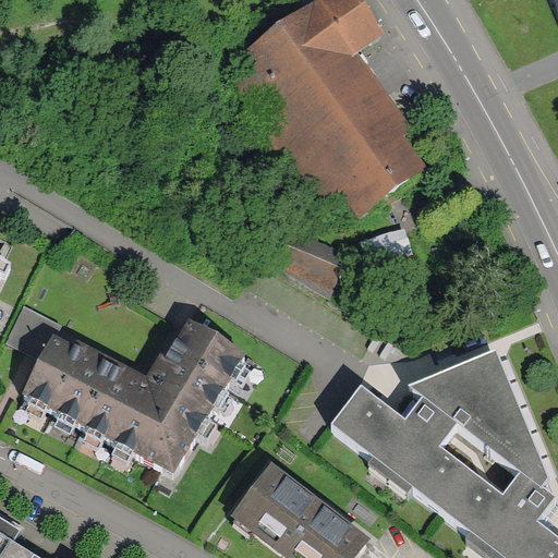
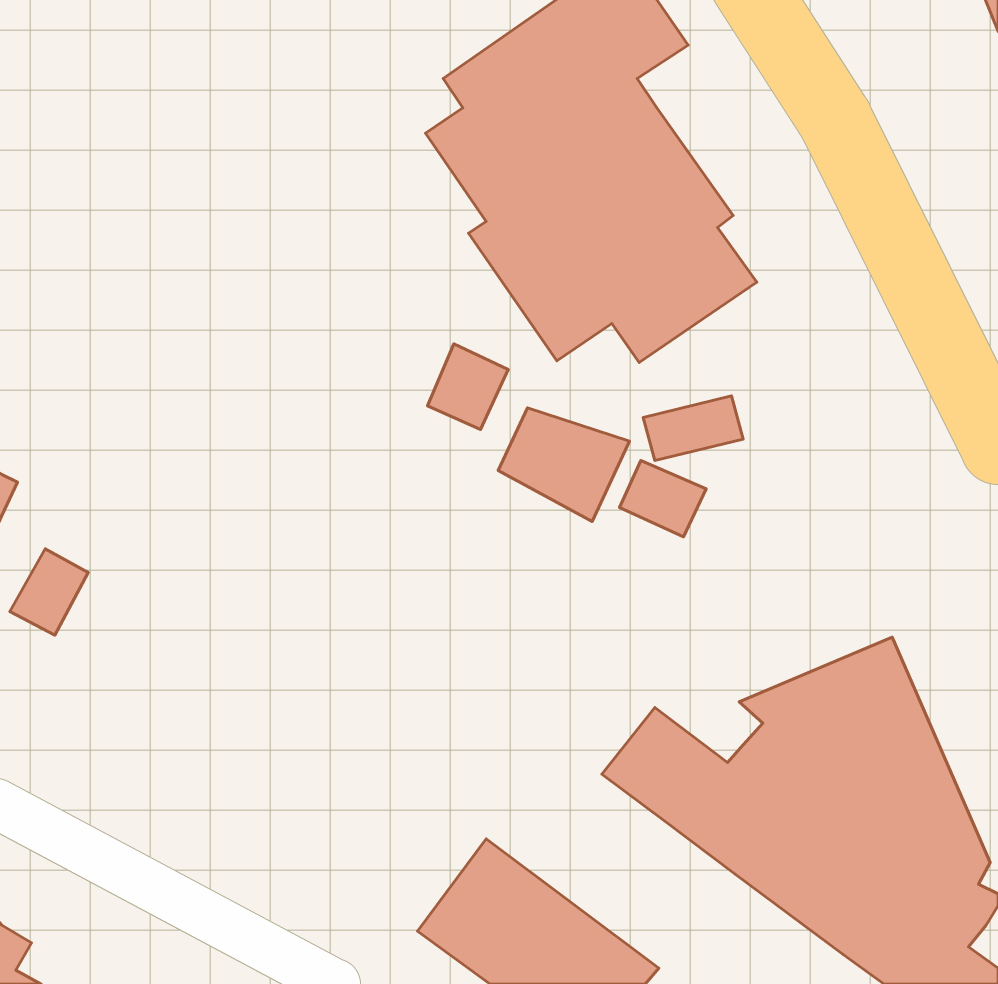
building: none -> [428,344,508,430]
building: none -> [620,460,706,537]
building: [26,326,240,470] -> none

